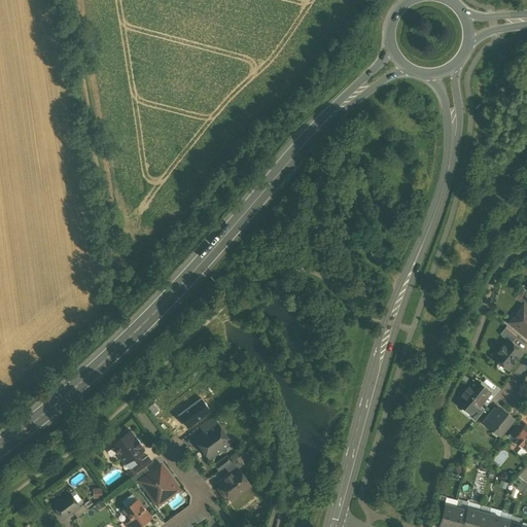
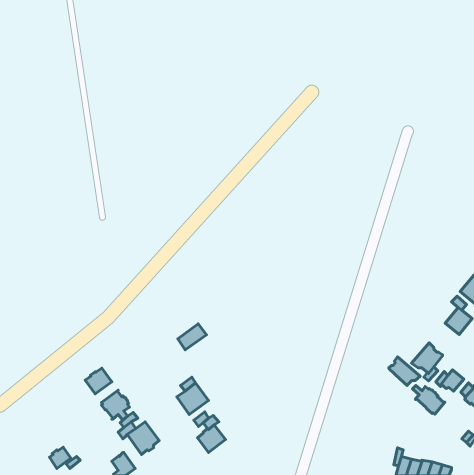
building: none -> [389,357,420,385]
building: [180,399,212,428] -> [178,324,207,350]
building: none -> [85,368,112,394]
building: none -> [413,386,445,414]

